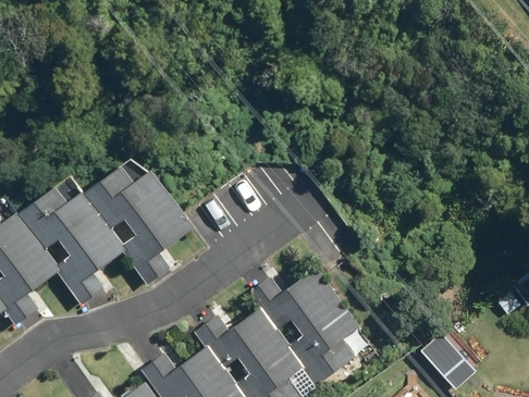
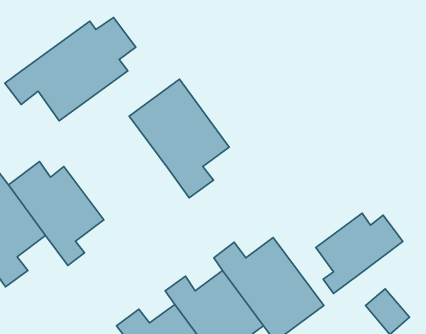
building: none -> [5,17,136,121]
building: [81,151,193,284] -> [129,79,229,198]
building: none -> [316,213,403,293]

